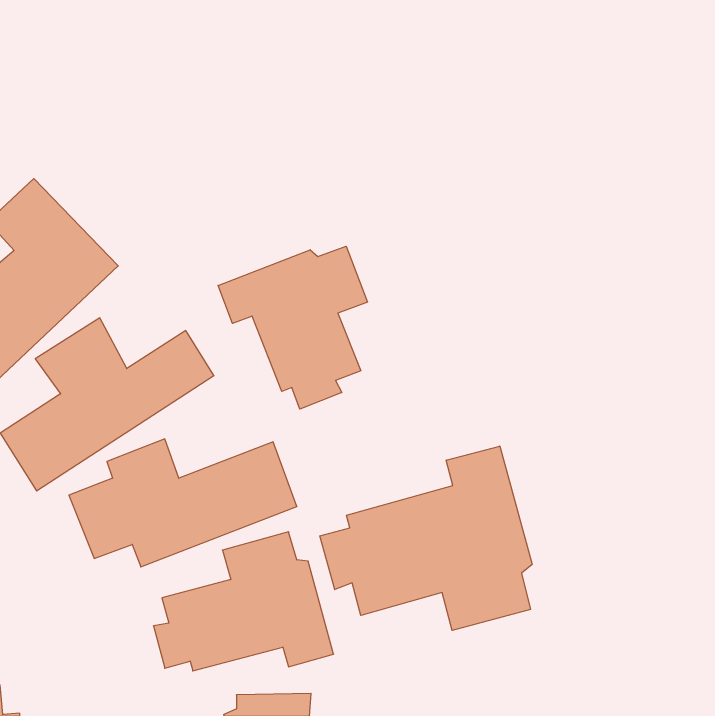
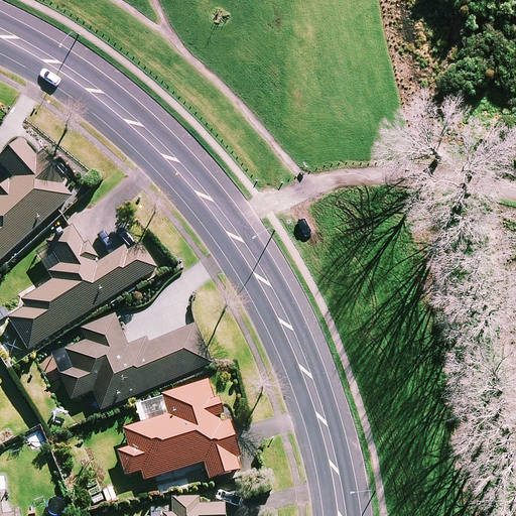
building: [218,246,367,409] -> none
building: [320,446,532,630] -> none

